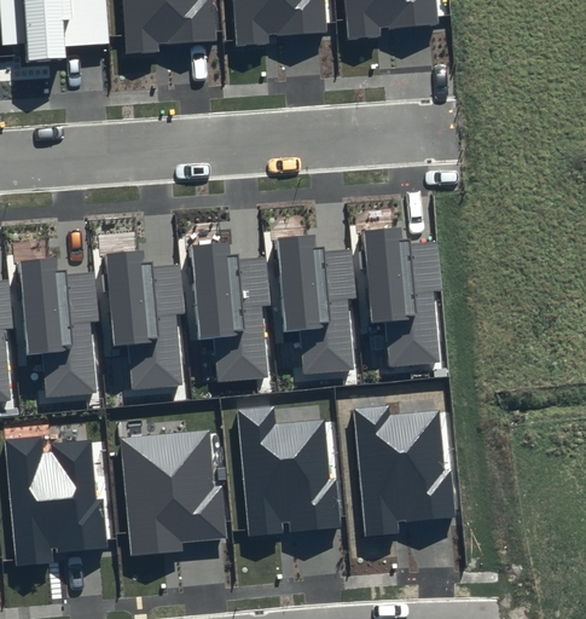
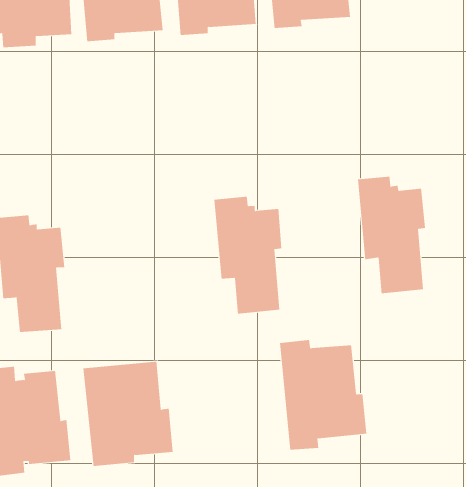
building: [362,226,443,365] -> [357,176,426,294]
building: [190,243,271,382] -> none
building: [104,250,185,389] -> none
building: [238,407,342,536] -> none

